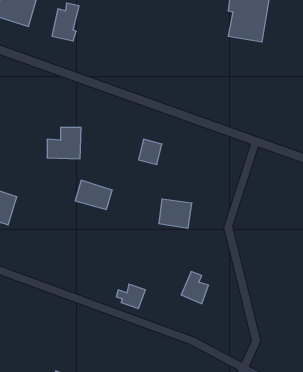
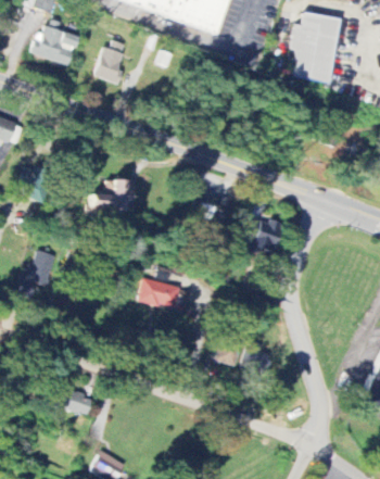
building: [75,180,112,210] -> [138,277,179,310]
building: [159,199,192,228] -> [244,220,281,253]
building: [116,284,145,308] -> [208,340,241,367]
building: none -> [53,386,92,416]

